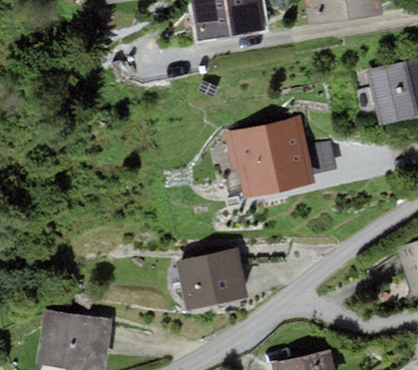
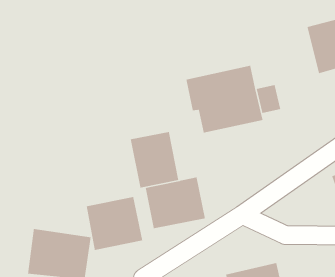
building: none -> [130,131,179,189]
building: none -> [86,196,143,251]

